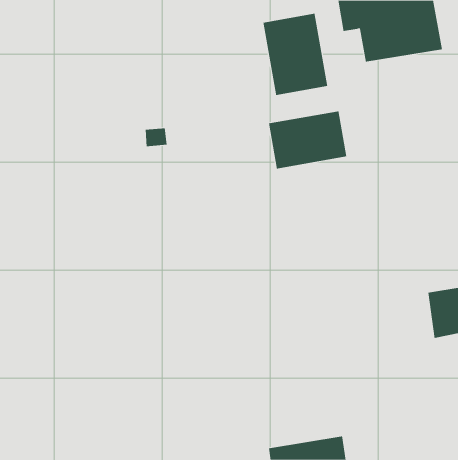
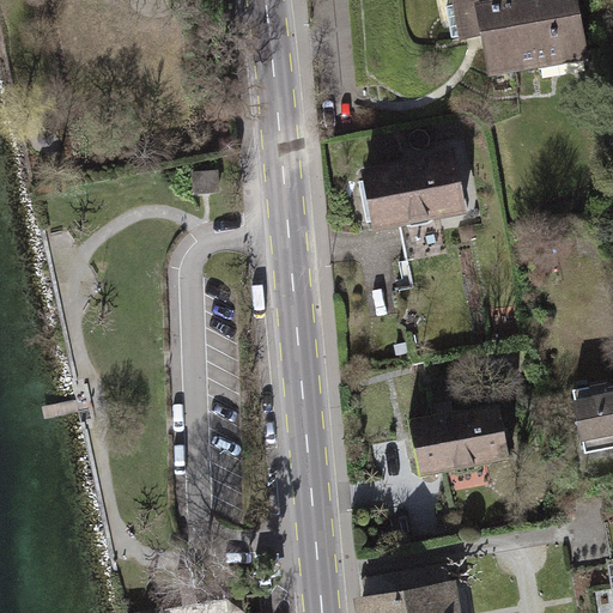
building: [263,13,328,96] -> none
building: none -> [405,400,509,473]

